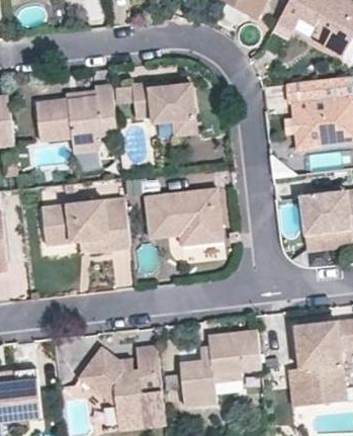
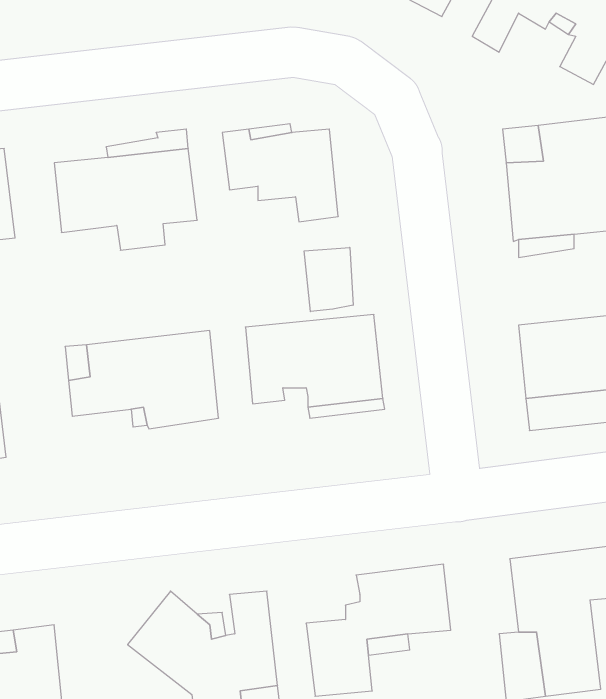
building: none -> [304,247,353,312]

